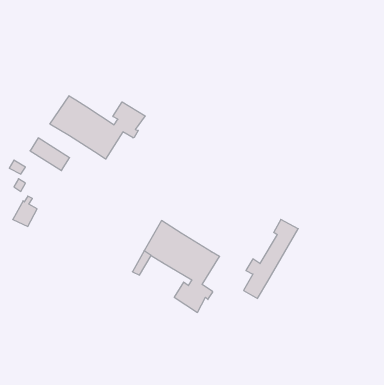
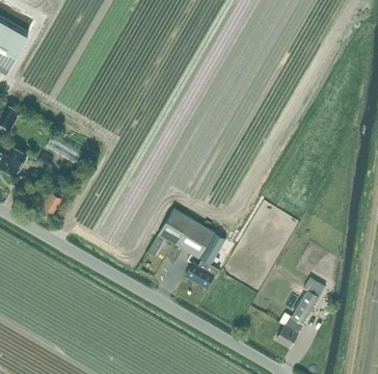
building: [50,96,145,159] -> none
building: [244,219,298,298] -> [275,277,324,348]

